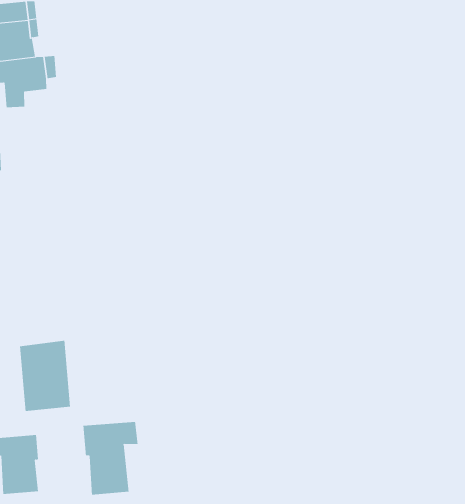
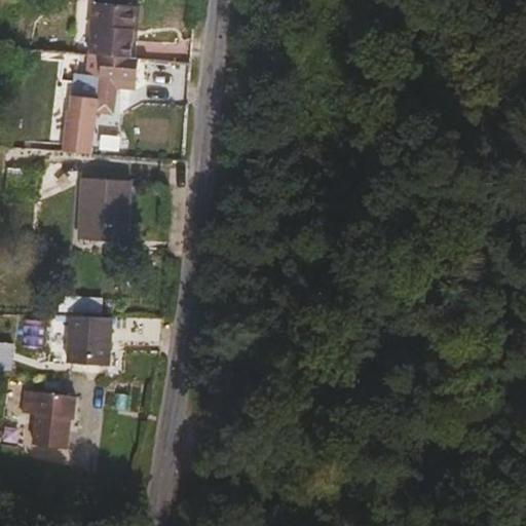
building: none -> [79,179,129,239]
building: [83,421,138,495] -> none

